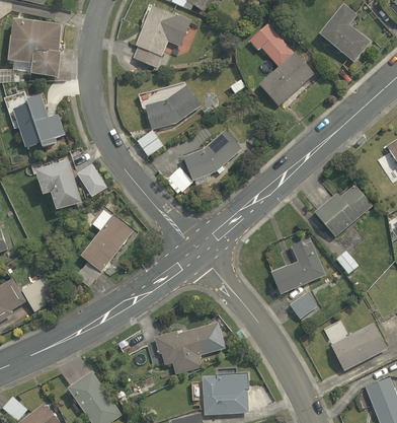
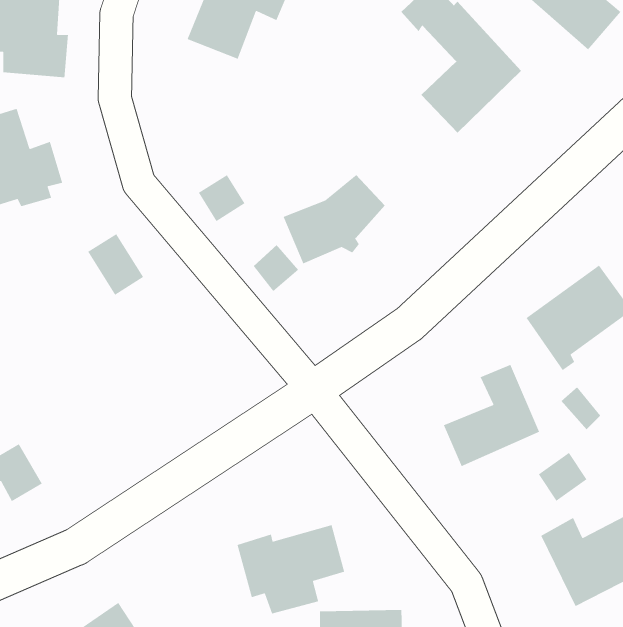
building: [144,87,198,130] -> none
building: [31,160,80,212] -> none
building: [80,210,132,274] -> none
building: [290,290,317,318] -> [538,452,588,502]

